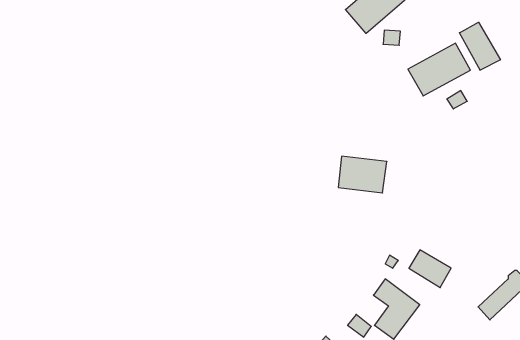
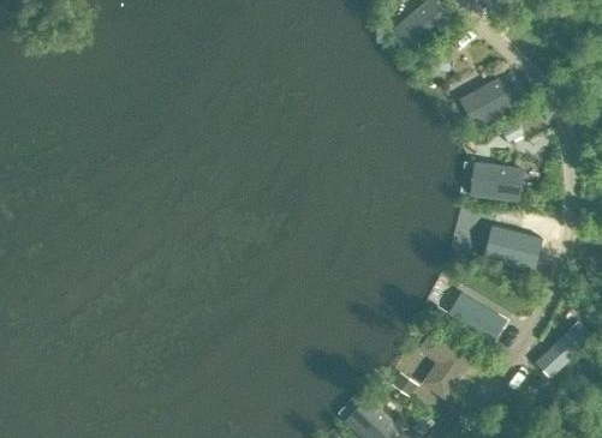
building: [459,22,500,70] -> none
building: [338,156,387,193] -> [469,161,523,202]
building: none -> [487,226,541,271]

